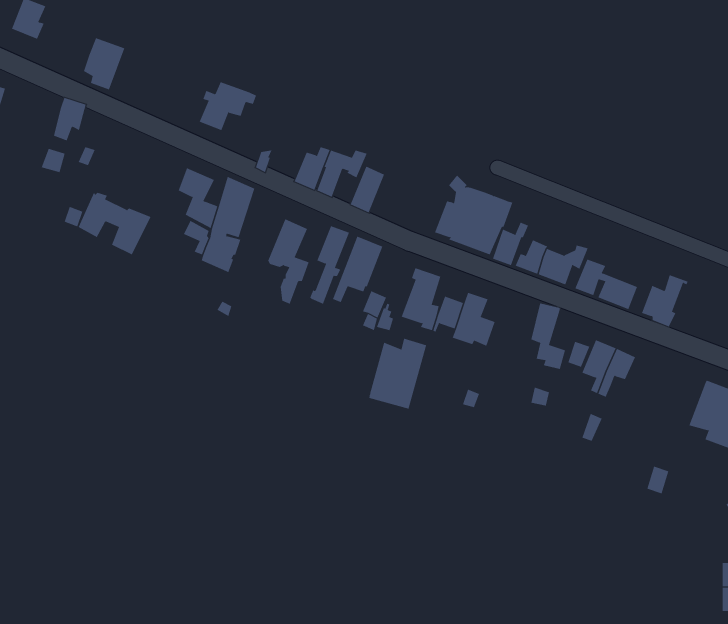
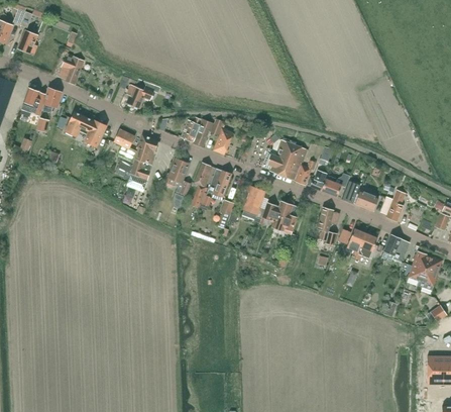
building: none -> [21,88,46,116]
building: [78,192,152,255] -> [65,111,107,147]
building: [369,338,427,410] -> none
building: none -> [381,234,410,263]

